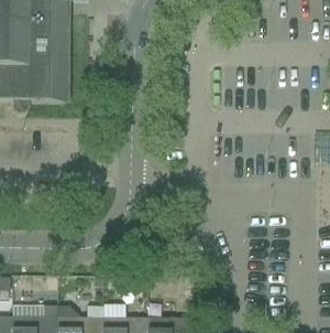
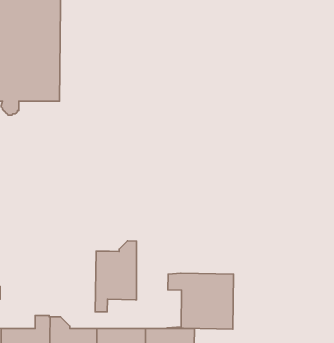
building: none -> [95,241,136,312]
building: none -> [167,273,234,329]

